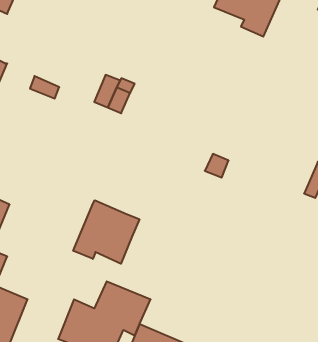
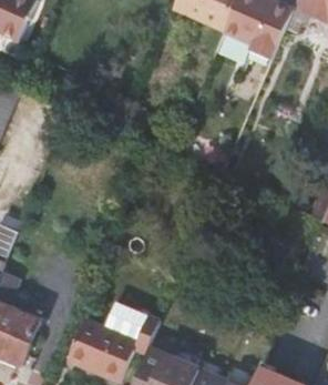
building: [73,200,139,264] -> none

